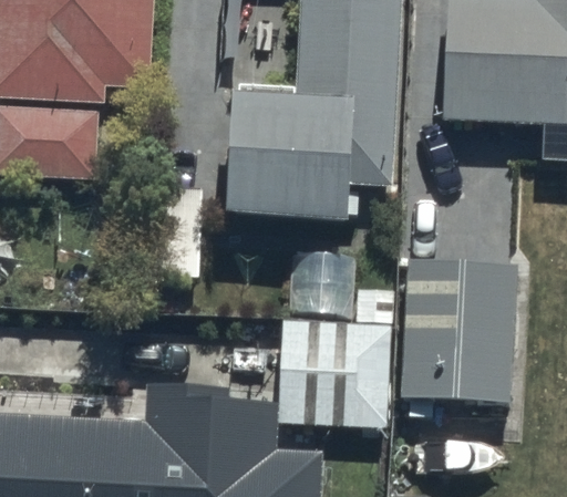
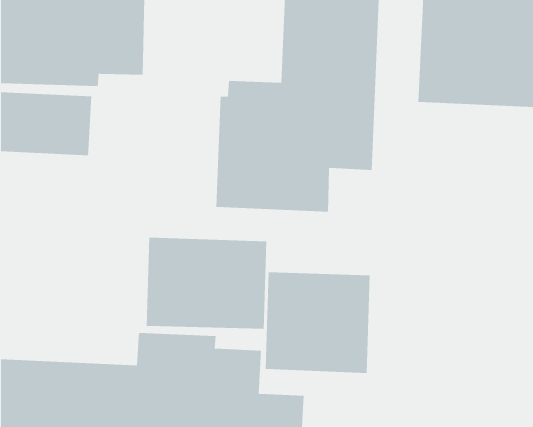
building: [402,263,517,405] -> none
building: none -> [146,237,267,329]

